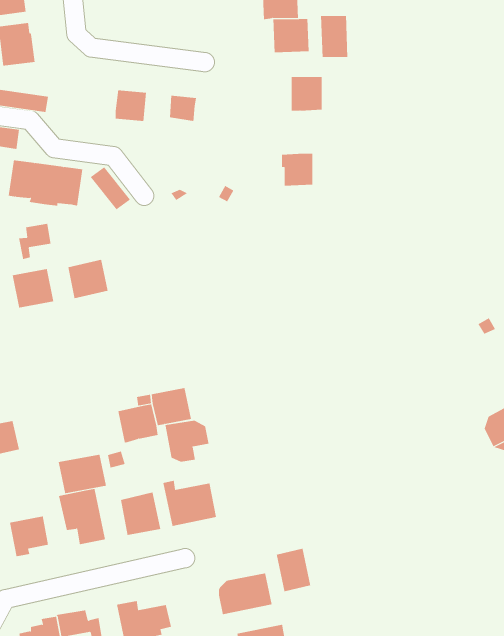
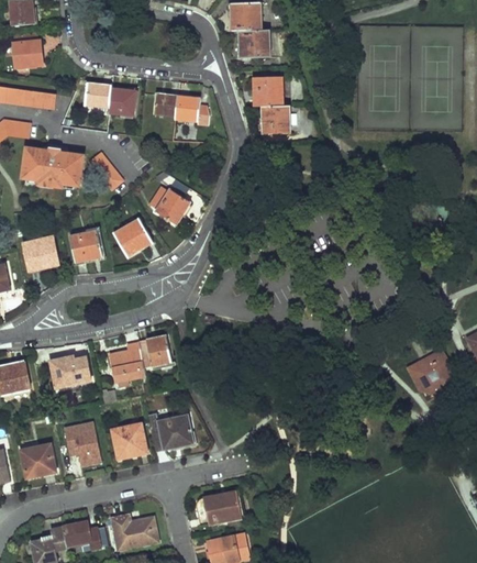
building: [320,15,348,58] -> none
building: none -> [85,82,111,107]
building: none -> [175,96,210,125]
building: [281,153,313,186] -> [263,106,289,133]
building: none -> [152,187,191,224]
building: [19,223,51,260] -> none
building: none -> [114,220,152,256]
building: [165,420,209,462] -> none
building: [58,454,107,494] -> [51,355,91,388]
building: [276,548,311,592] -> none

